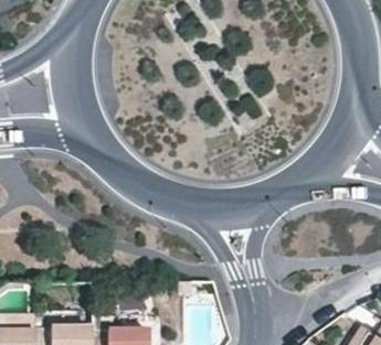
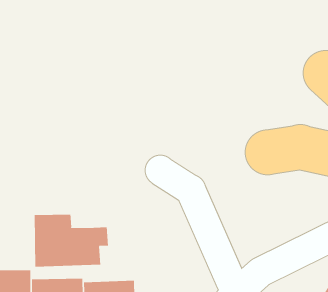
building: none -> [34,214,108,267]

